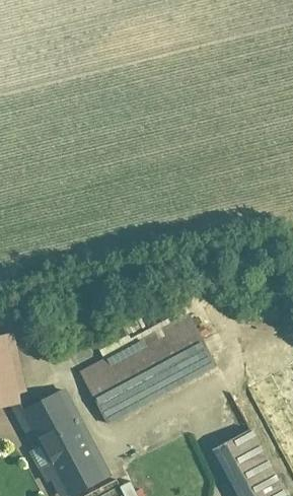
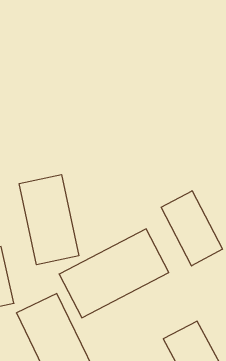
building: none -> [19,175,79,265]
building: none -> [161,191,222,266]

